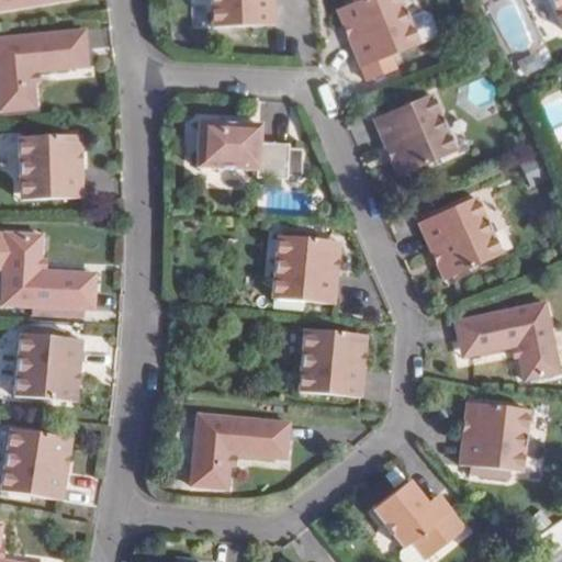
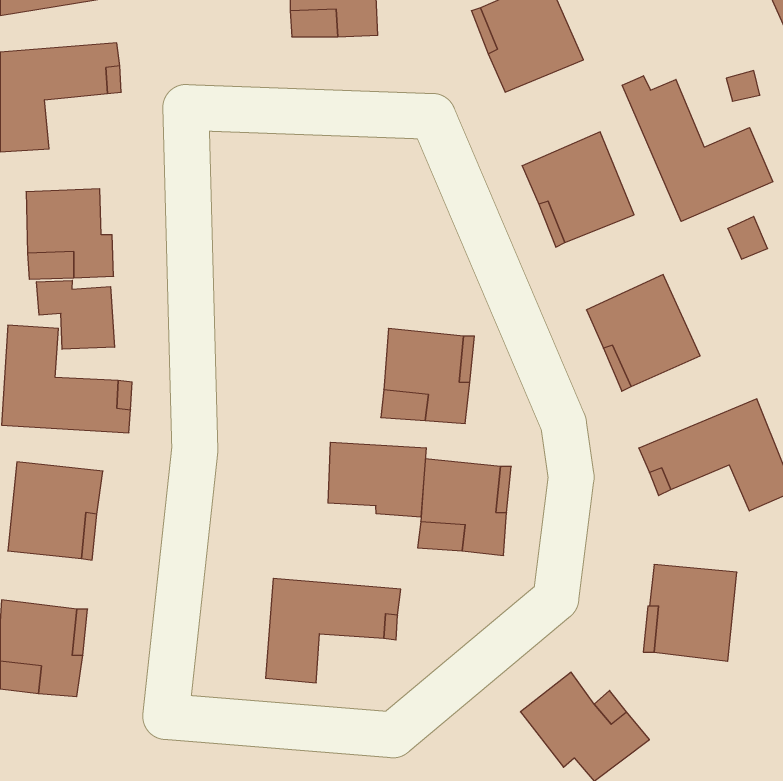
building: none -> [622,76,773,221]
building: [198,121,300,176] -> none
building: none -> [37,280,115,349]
building: none -> [328,442,426,517]

